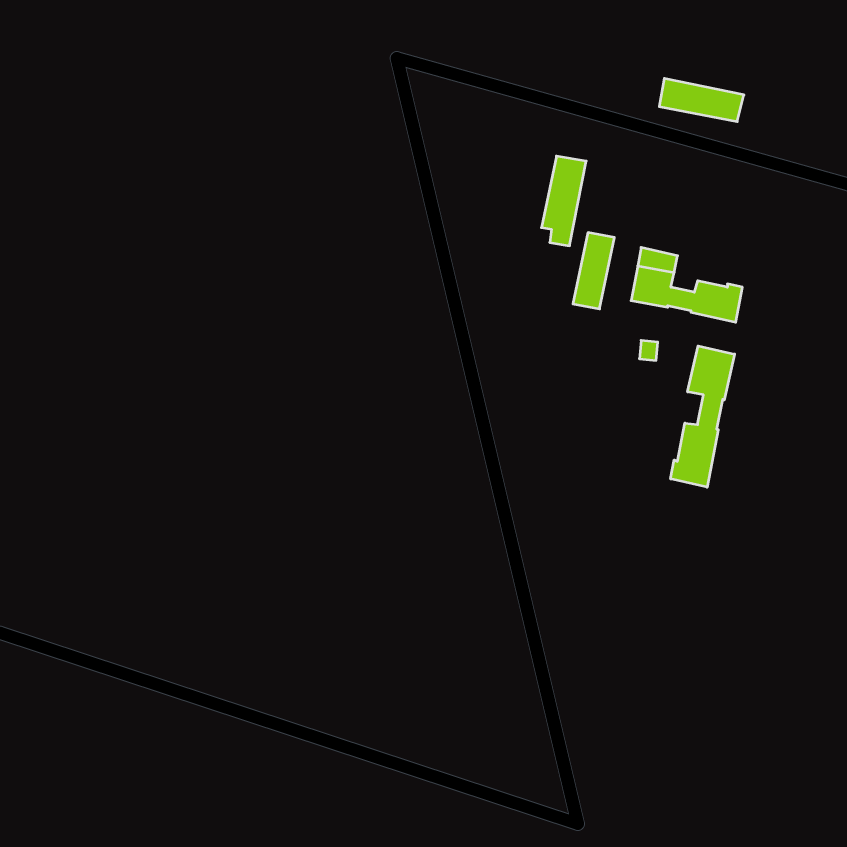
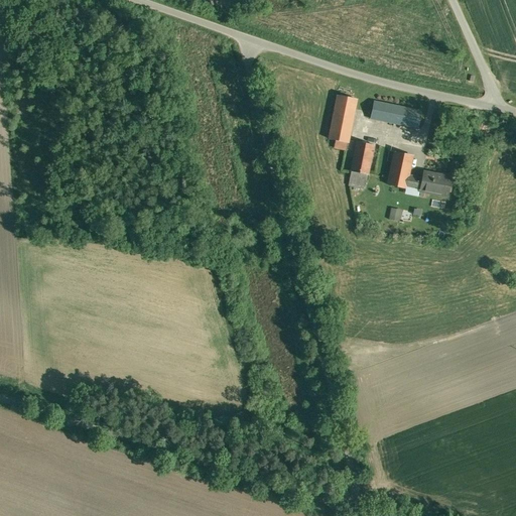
building: [659,78,744,122] -> [371,101,422,127]
building: [671,346,735,487] -> none

